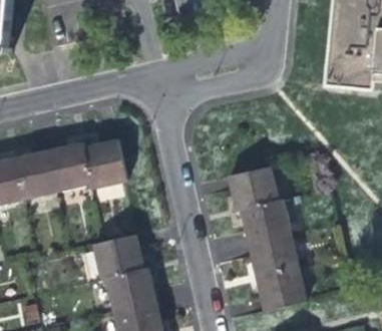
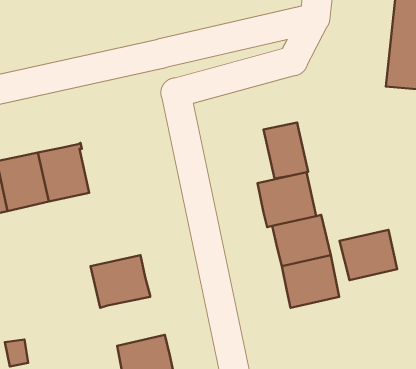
building: none -> [263,123,308,179]
building: [81,139,124,187] -> none
building: [104,266,151,308] -> none
building: [255,268,302,309] -> [340,230,397,280]

